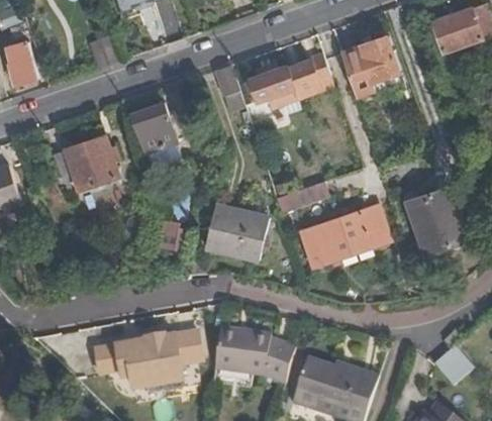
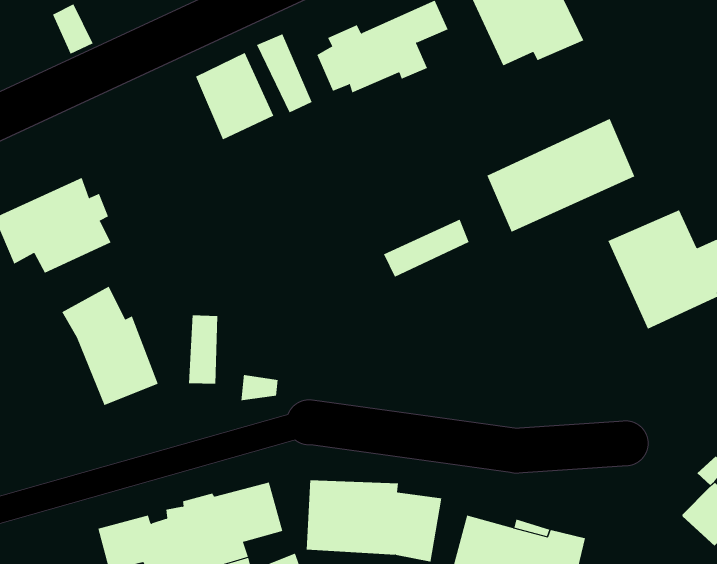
building: [132,105,176,154] -> [195,52,274,140]
building: none -> [62,286,159,406]
building: [204,205,269,262] -> none
building: [302,207,388,268] -> [486,118,635,232]

